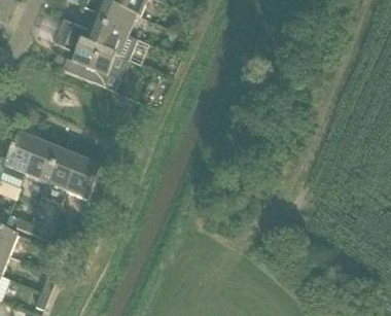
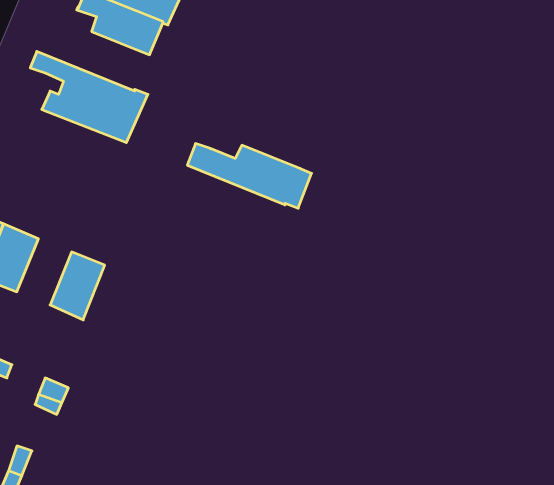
building: [58,20,135,60] -> [187,144,312,208]
building: [40,149,79,203] -> none

